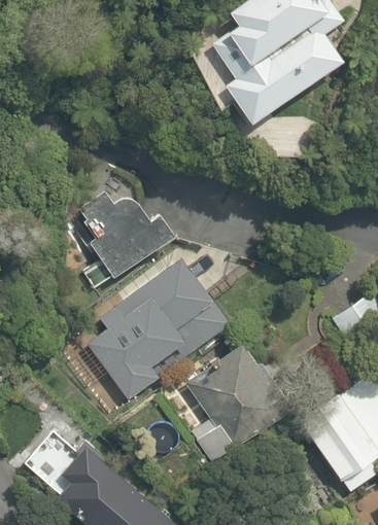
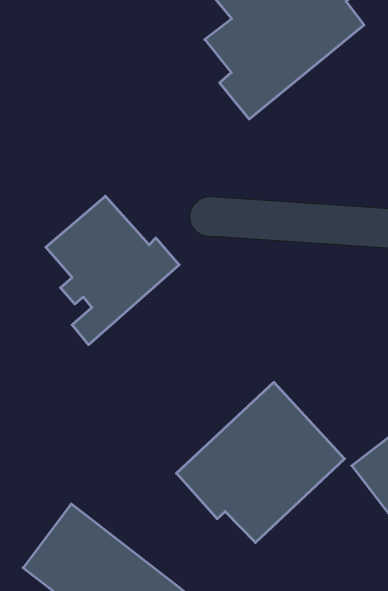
building: [92,247,221,394] -> none

